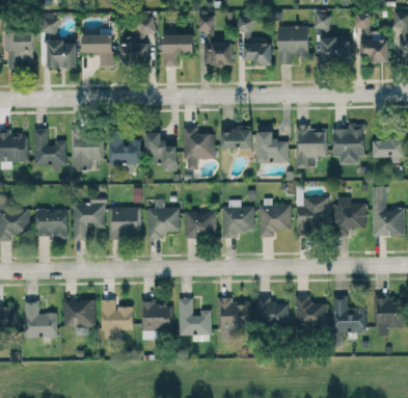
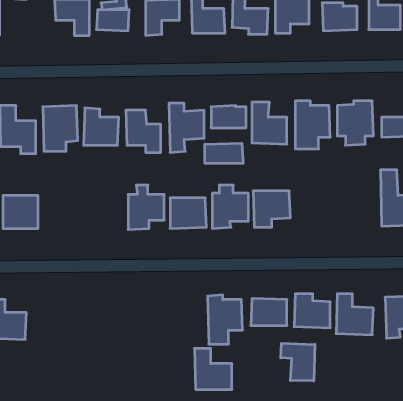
building: [43,41,77,68] -> none
building: none -> [205,143,243,163]
building: [297,196,329,235] -> none
building: [335,196,366,230] -> none
building: [73,201,106,240] -> none
building: [110,207,141,239] -> none
building: [179,298,212,335] -> [194,348,232,389]
building: [63,299,96,328] -> none
building: [102,299,134,339] -> none
building: [142,301,171,339] -> none
building: none -> [281,343,315,381]

